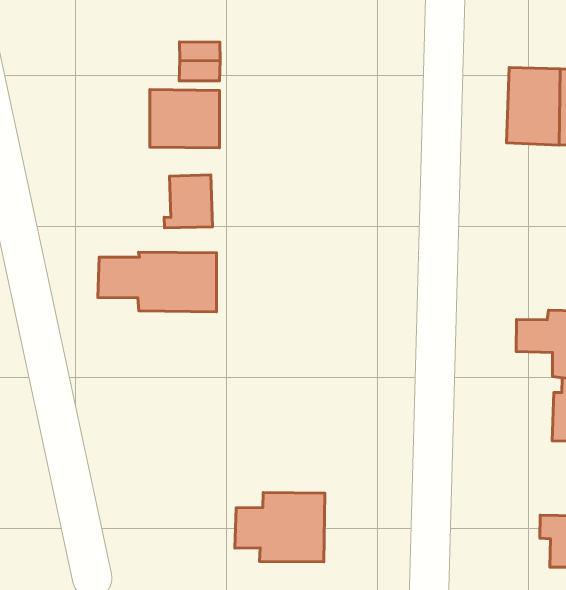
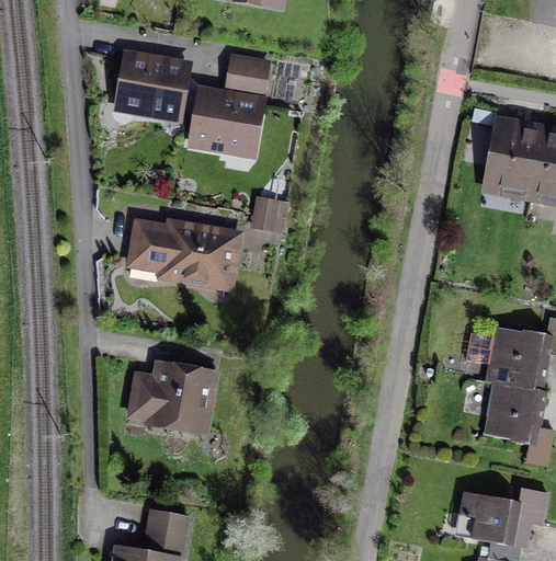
building: none -> [122,58,184,114]
building: [164,175,212,228] -> [245,193,290,240]
building: [235,493,325,562] -> [131,365,212,430]

